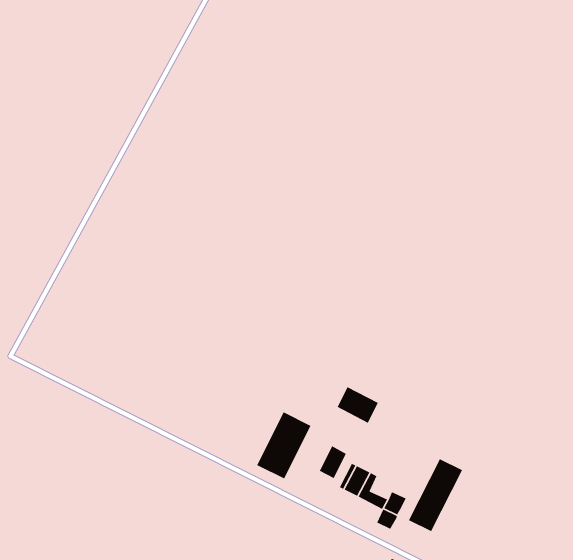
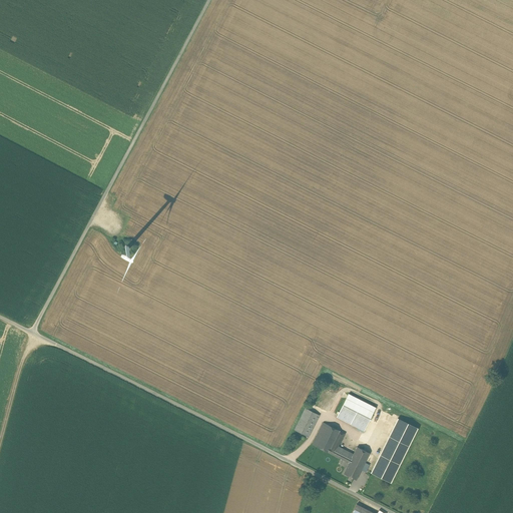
building: [337,386,379,424] -> [337,399,373,431]
building: [256,411,312,480] -> none

